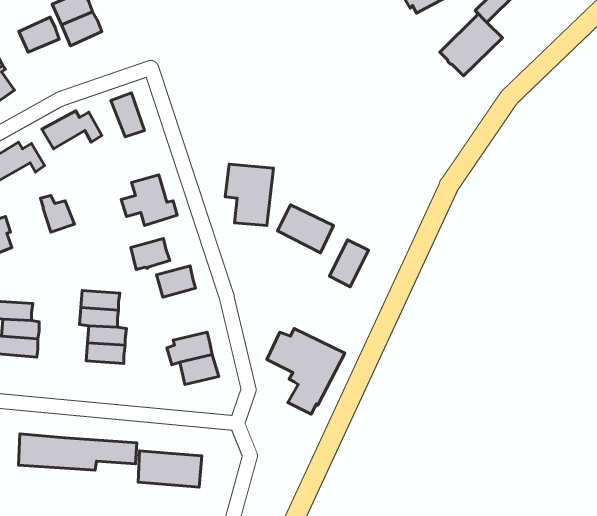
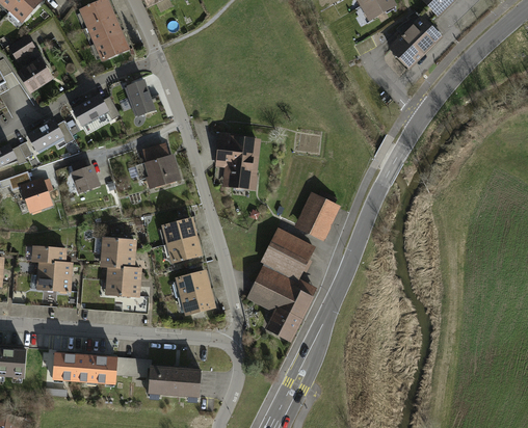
building: [19,17,59,52] -> [94,31,126,59]
building: [277,205,333,253] -> [266,231,311,269]
building: [131,238,170,270] -> [167,236,199,261]

